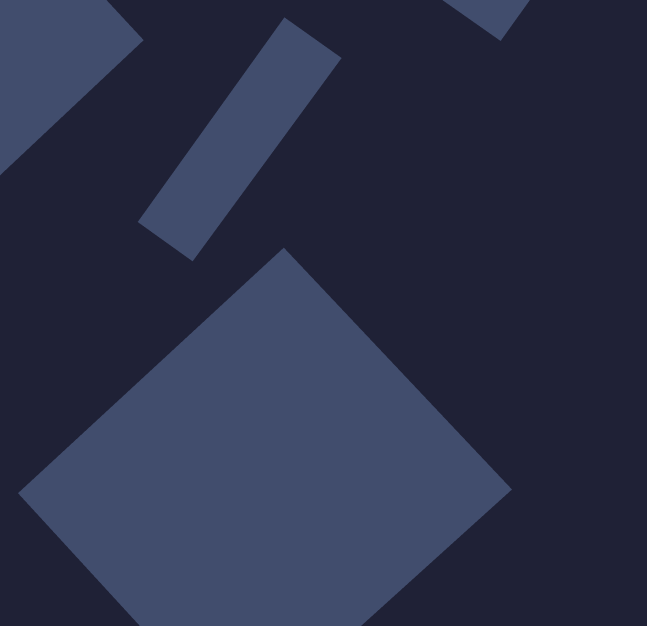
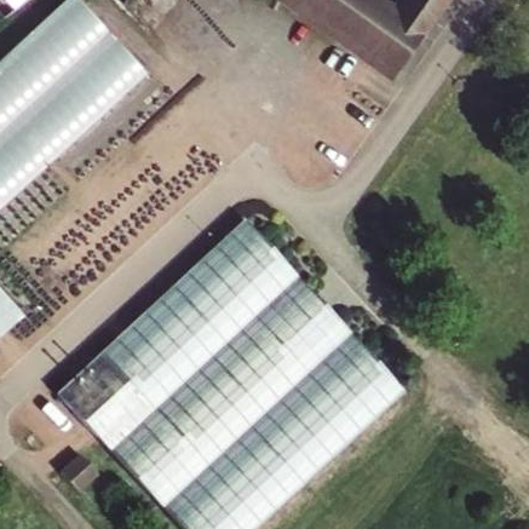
building: [137,16,343,263] -> none

